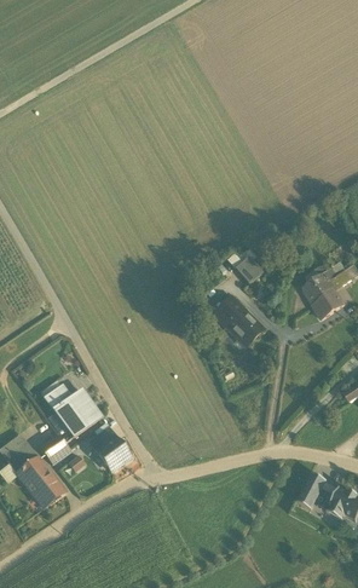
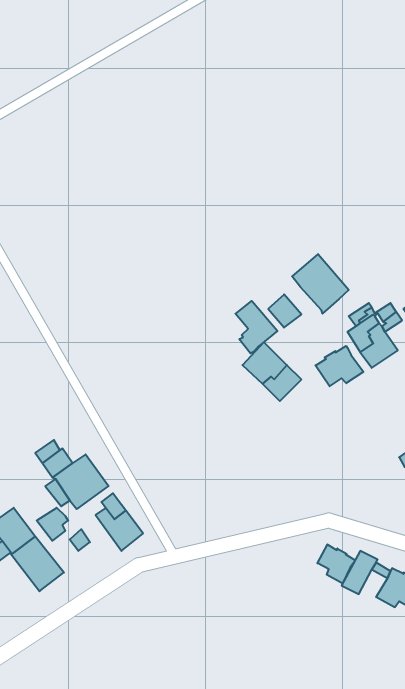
building: none -> [292,254,349,314]
building: none -> [235,301,277,353]
building: none -> [315,346,363,386]
building: none -> [317,544,355,584]

